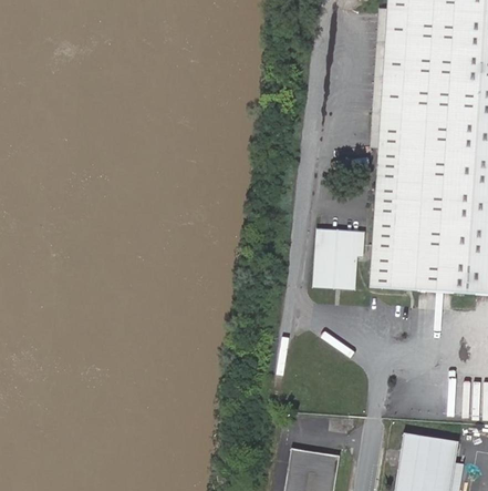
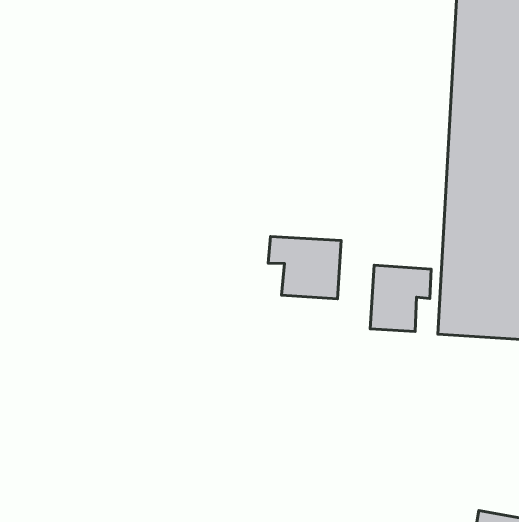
building: none -> [268,236,341,299]

